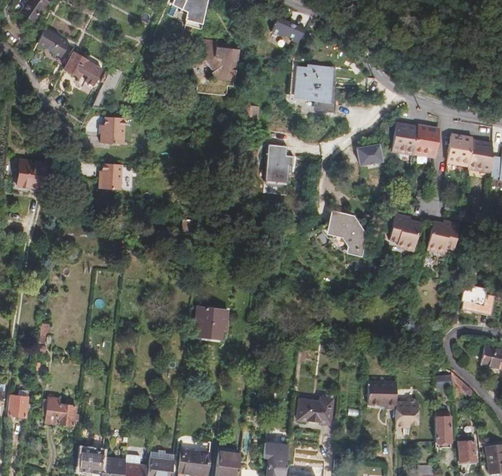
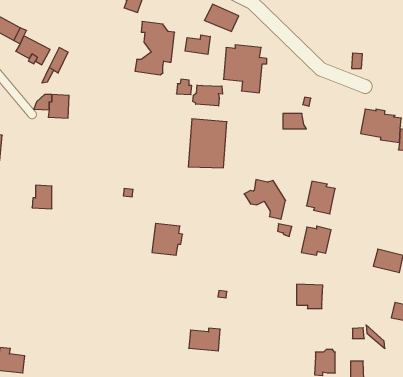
building: none -> [185,35,210,54]
building: none -> [193,85,222,106]
building: [392,126,439,155] -> none
building: [98,163,120,189] -> [32,185,52,209]
building: [425,220,458,252] -> [301,226,331,255]
building: [194,305,228,340] -> [152,223,183,255]
building: [369,381,398,408] -> [297,284,323,309]
building: [297,398,332,423] -> [189,328,220,351]

